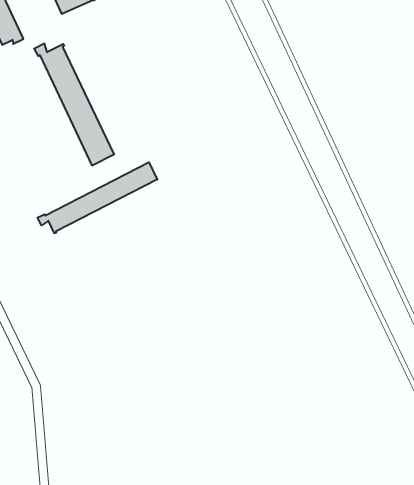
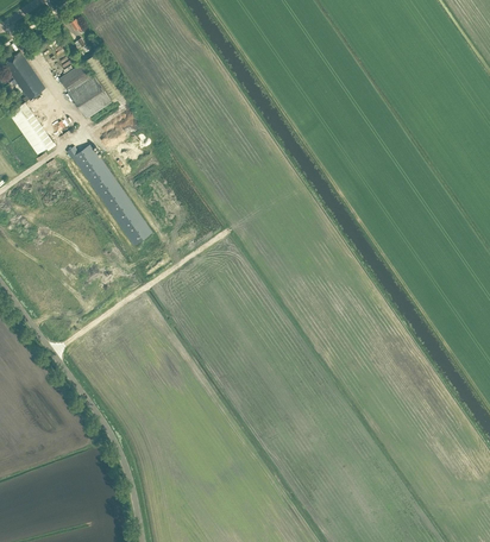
building: [37,162,157,233] -> none

